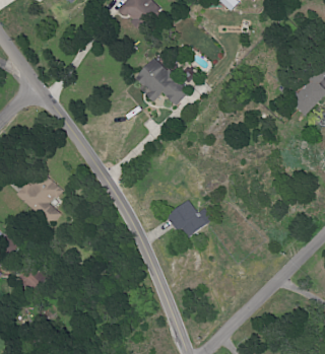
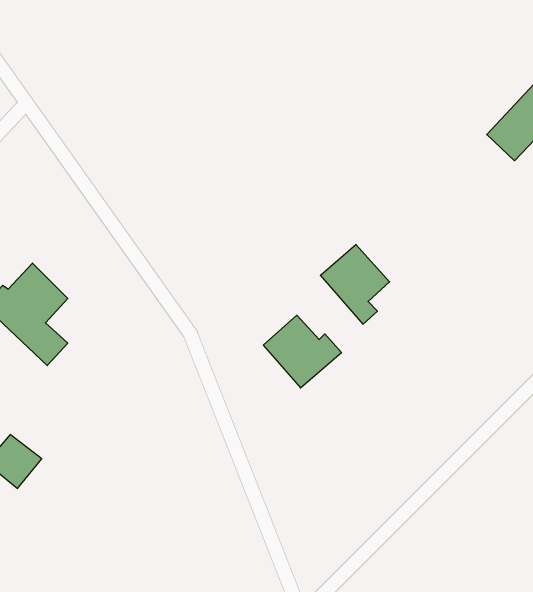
building: [132,56,188,104] -> none
building: none -> [320,244,390,324]

